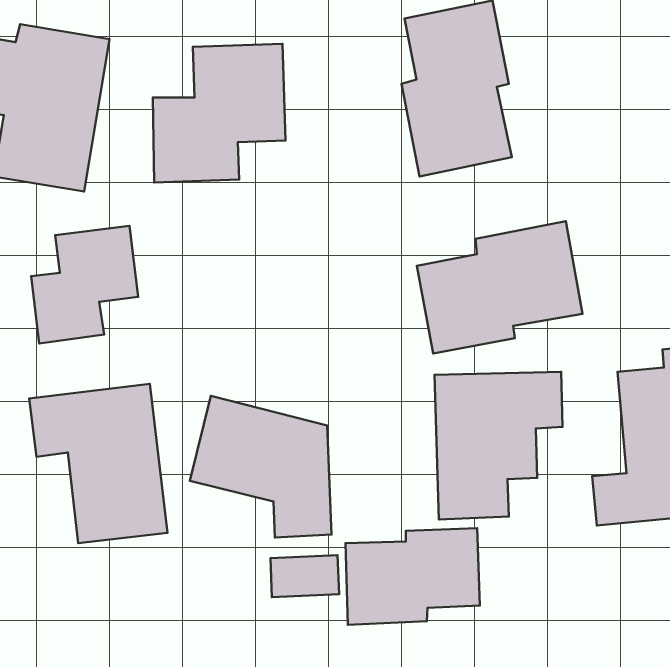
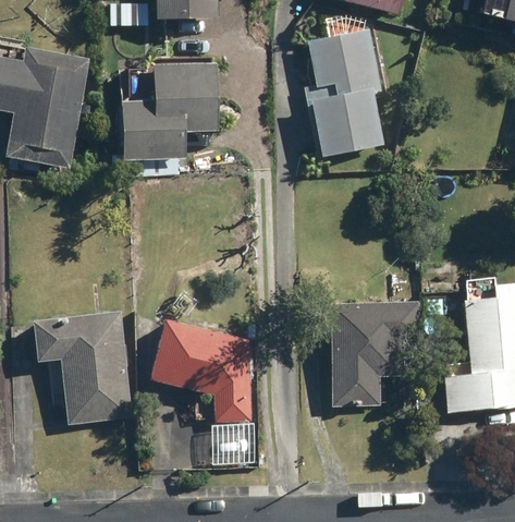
building: [417,221,582,354] -> none
building: [31,226,138,344] -> none
building: [346,528,480,625] -> none

